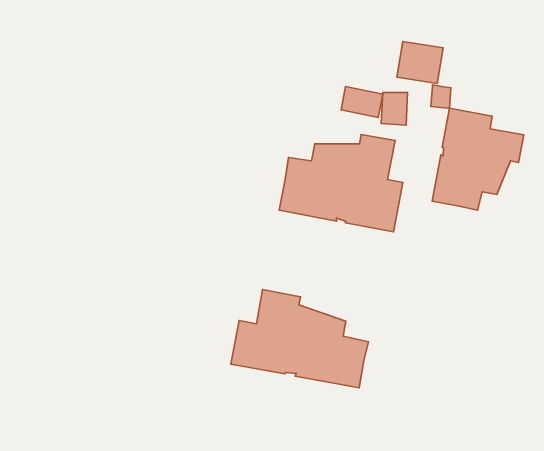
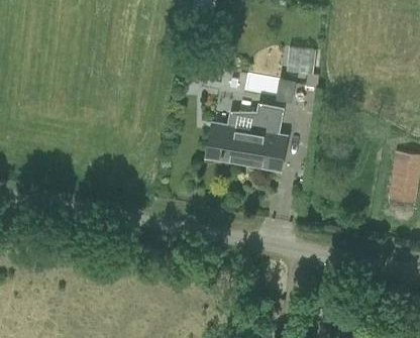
building: [432,108,524,210] -> none
building: [231,290,369,388] -> none

